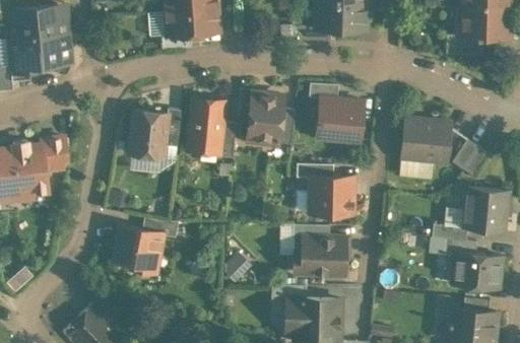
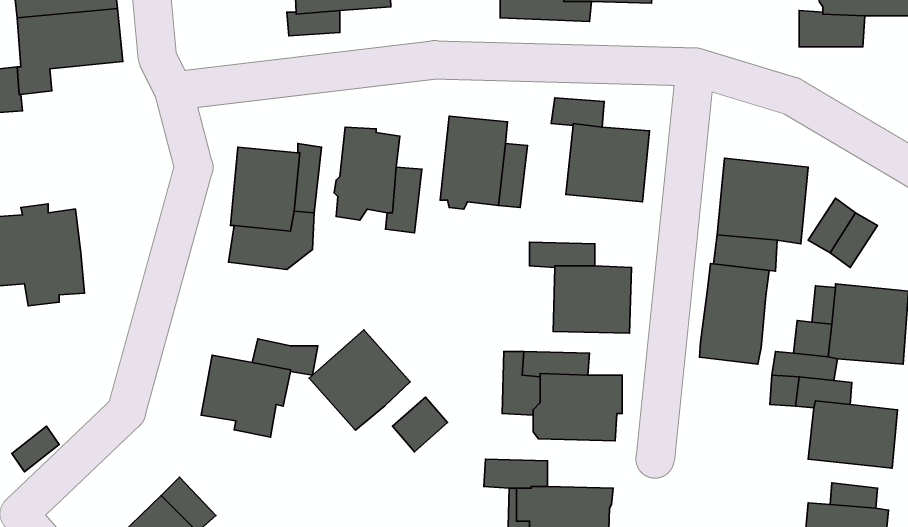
building: [42,138,68,169] -> none
building: none -> [699,264,769,364]
building: none -> [309,330,410,430]

